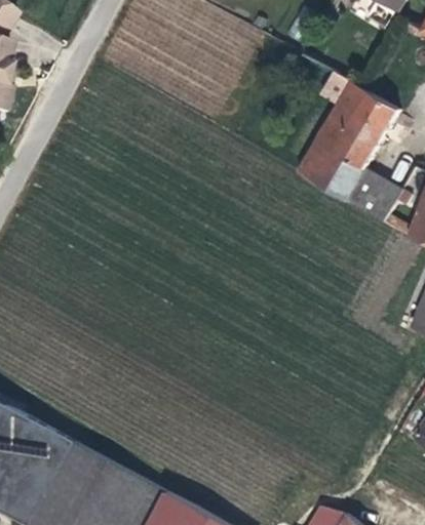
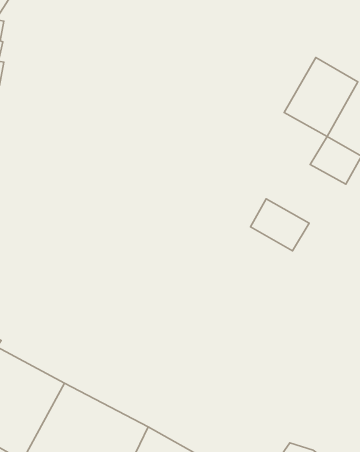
building: [298,142,362,199] -> [250,199,309,251]

